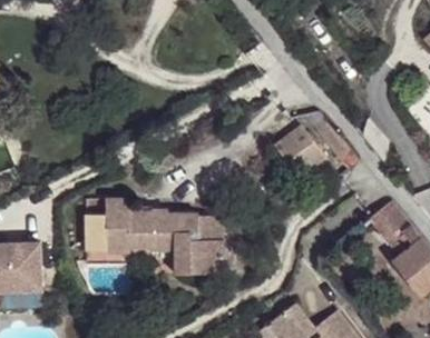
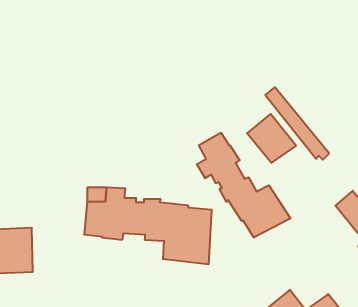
building: none -> [197,133,291,238]

